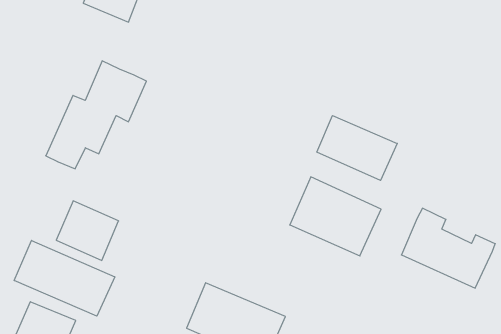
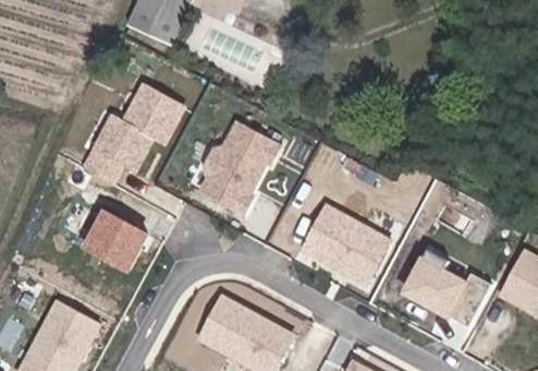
building: none -> [200,123,277,212]
building: [317,116,397,180] -> none
building: [14,240,115,316] -> none

